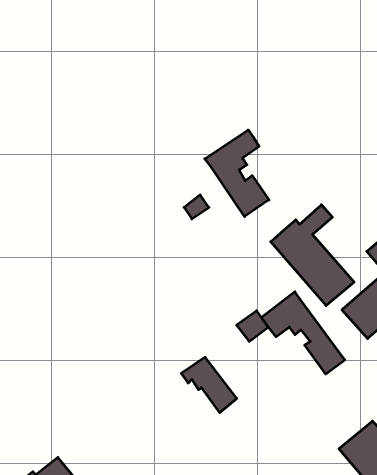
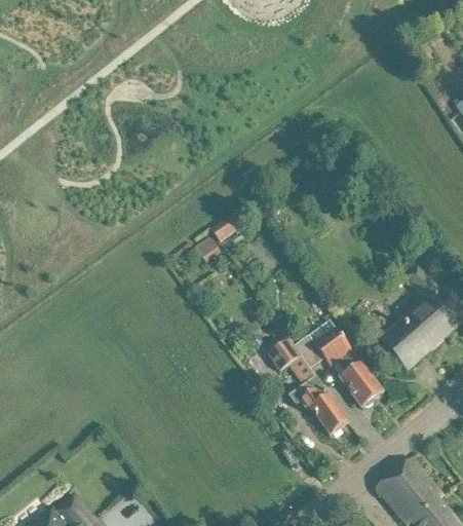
building: [205,130,269,217] -> none
building: [271,205,354,306] -> none
building: [181,357,237,413] -> [290,377,349,437]

